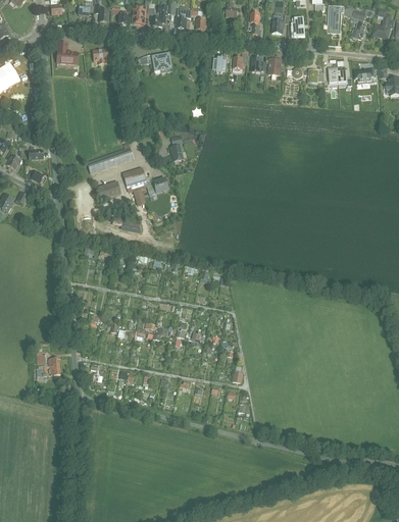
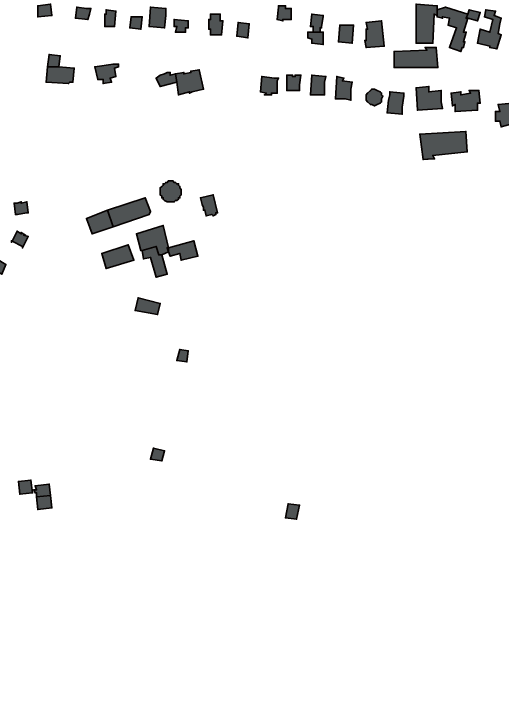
building: none -> [394,48,438,68]
building: none -> [420,131,467,160]

